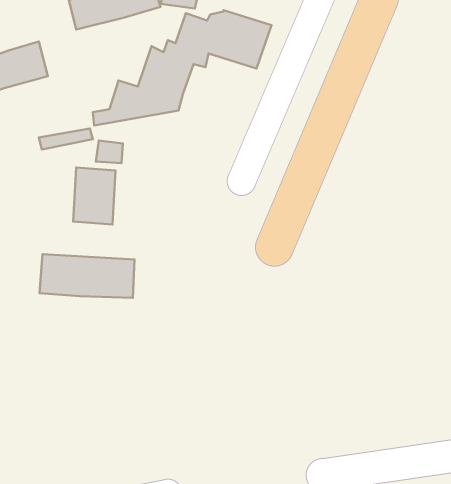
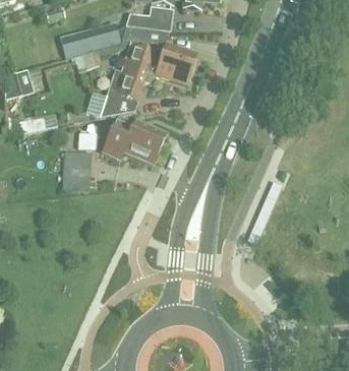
building: none -> [103,116,165,164]
building: [40,254,134,298] -> none

